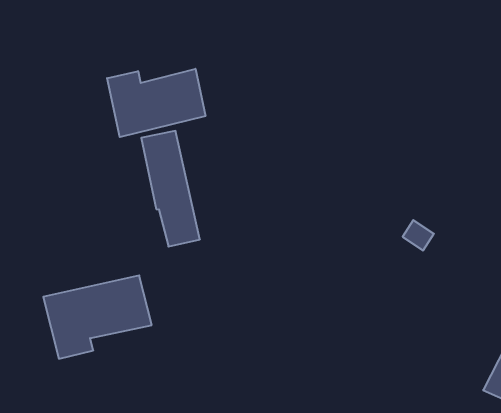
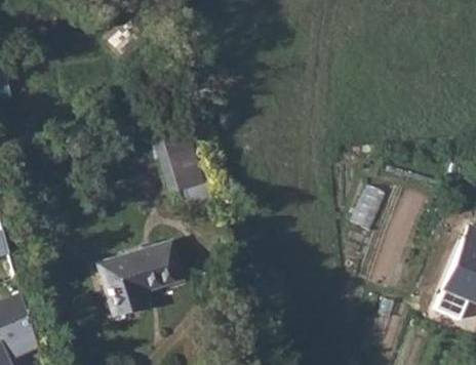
building: [107,69,205,137] -> none

